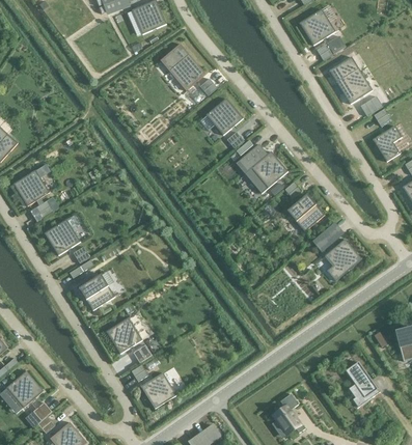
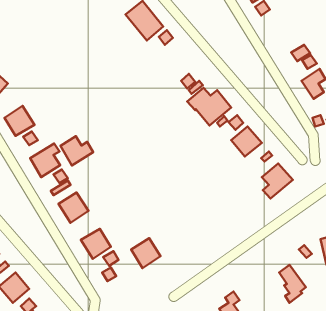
building: [328,56,372,104] -> none
building: [199,98,242,135] -> none
building: none -> [60,136,93,165]
building: [140,372,175,409] -> [131,238,160,268]

